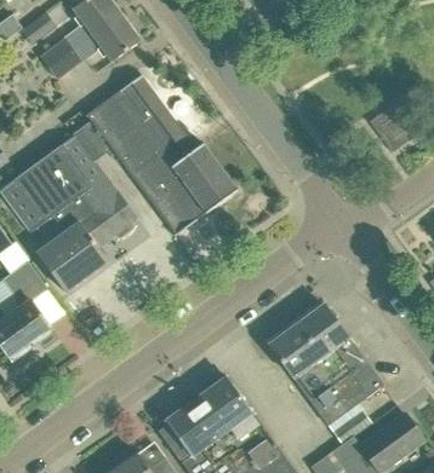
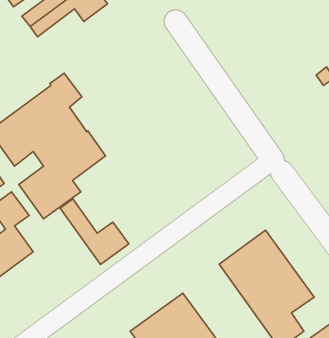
building: [86,74,239,236] -> none
building: none -> [60,199,129,264]

